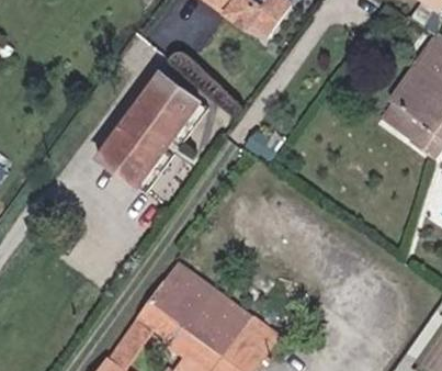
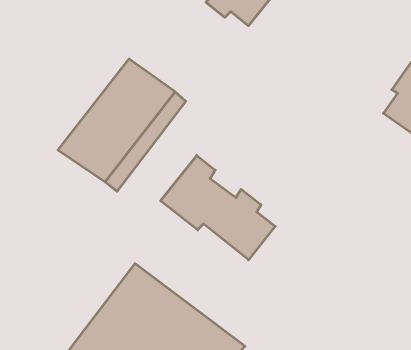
building: none -> [161,155,275,260]

